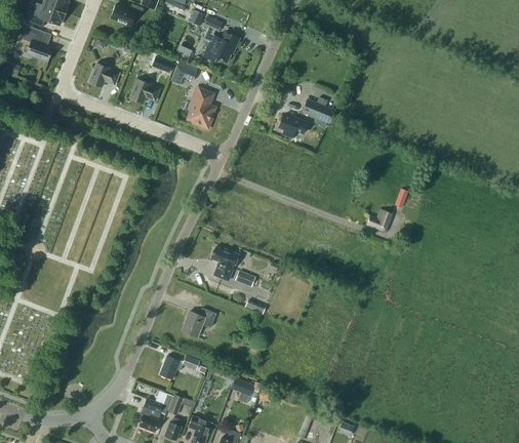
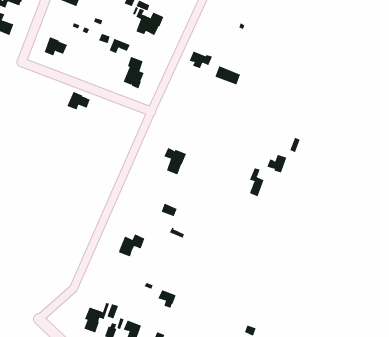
building: [129,79,159,103] -> [67,91,90,110]
building: [278,115,308,137] -> [189,51,213,69]
building: none -> [249,167,264,197]
building: [210,246,239,281] -> [164,147,187,175]
building: [159,356,199,379] -> none

